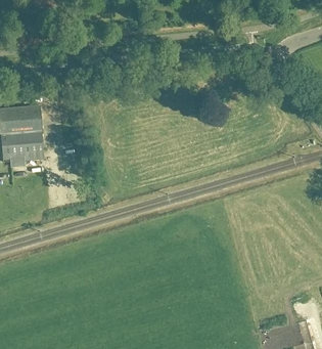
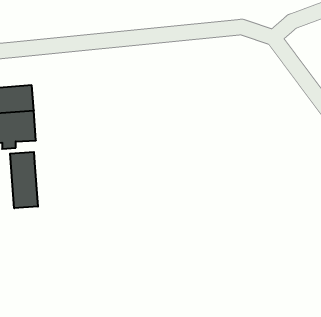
building: none -> [10,152,38,208]

